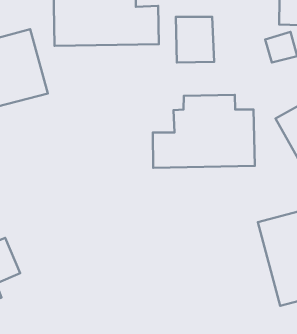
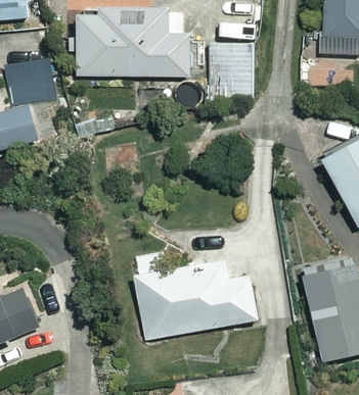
building: [153,95,255,168] -> none
building: none -> [133,258,257,341]

